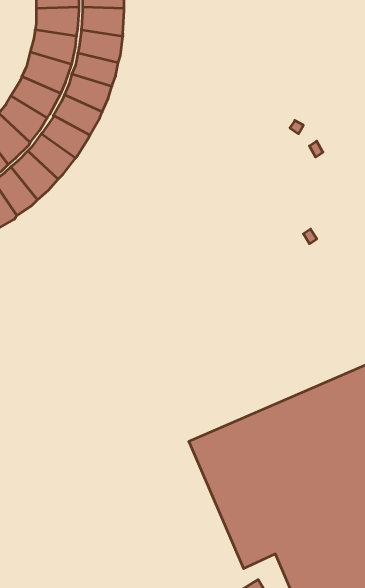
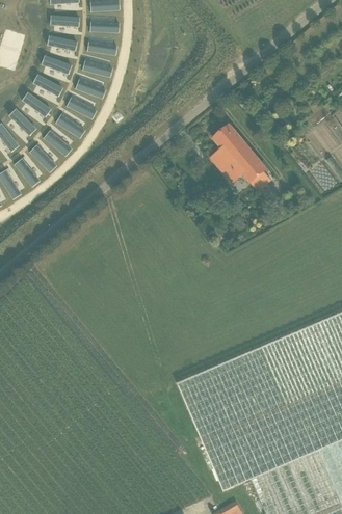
building: none -> [210,121,271,190]

